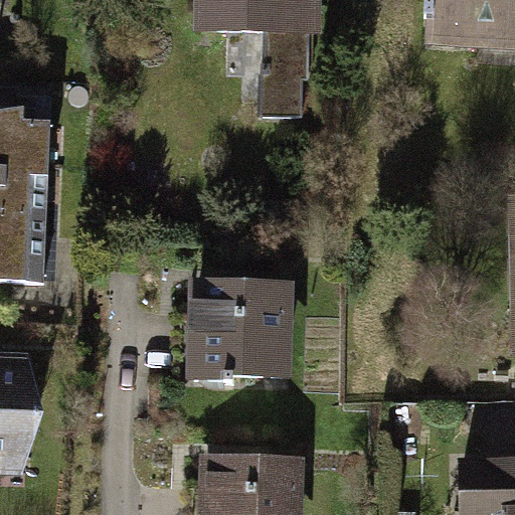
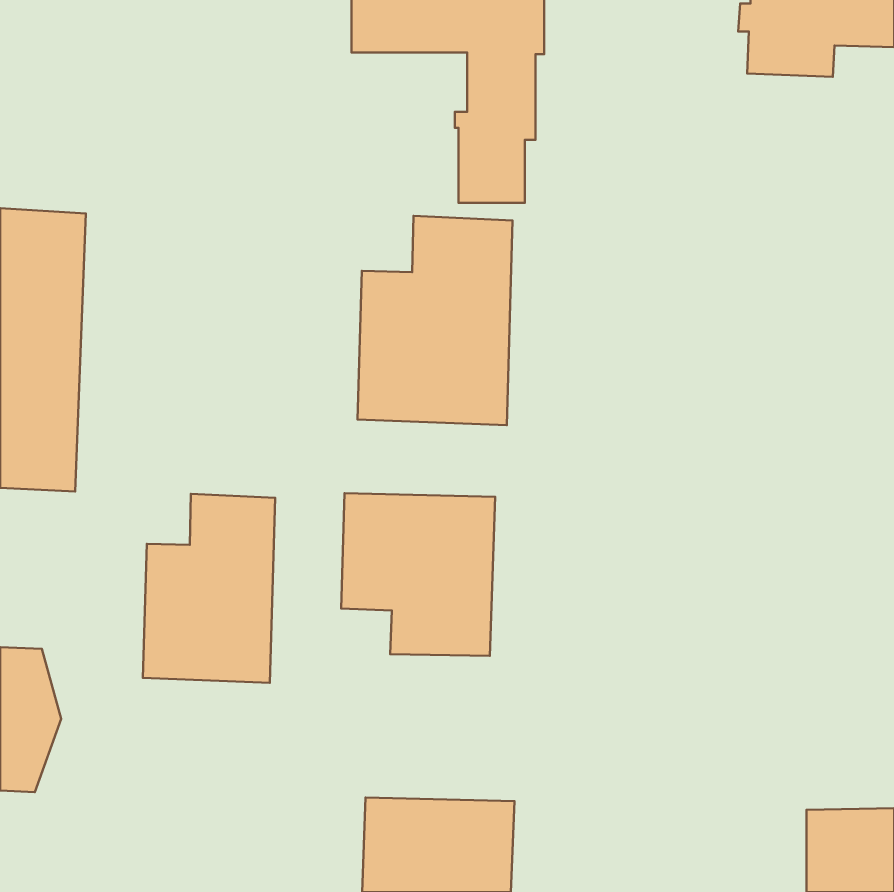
building: none -> [357,216,512,425]
building: none -> [143,494,275,683]

